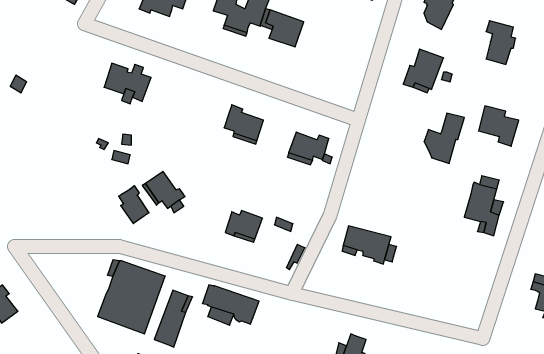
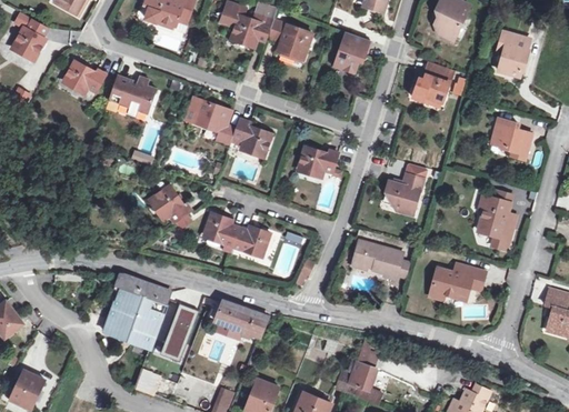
building: none -> [12,19,48,58]
building: none -> [335,31,370,72]
building: none -> [63,60,107,92]
building: none -> [186,96,236,142]
building: [424,113,464,163] -> [386,162,427,213]
building: [119,186,149,224] -> none
building: none -> [203,211,239,247]
building: none -> [430,263,483,297]

